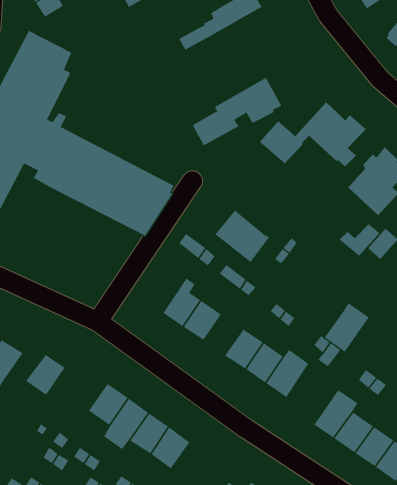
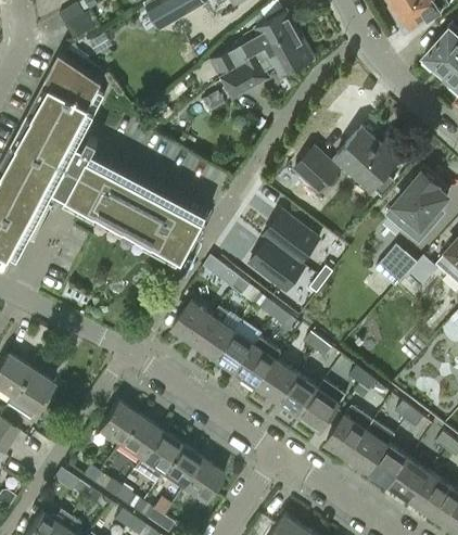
building: [192,77,282,146] -> [221,29,314,100]
building: none -> [264,209,320,263]
building: none -> [174,300,214,342]
building: [324,302,370,352] -> [328,405,374,456]
building: none -> [238,335,281,385]
building: [25,354,66,396] -> [98,399,139,442]

